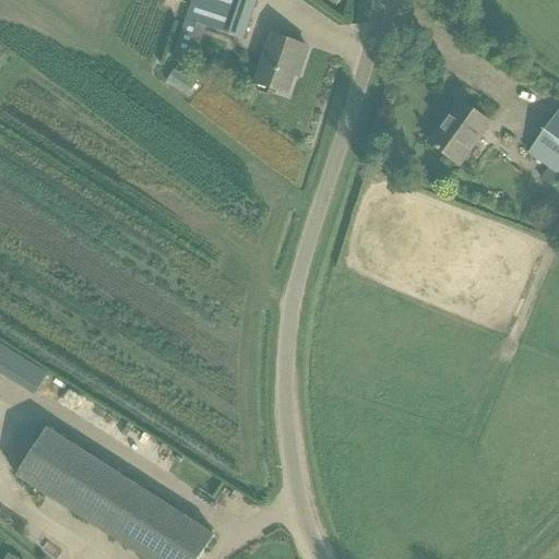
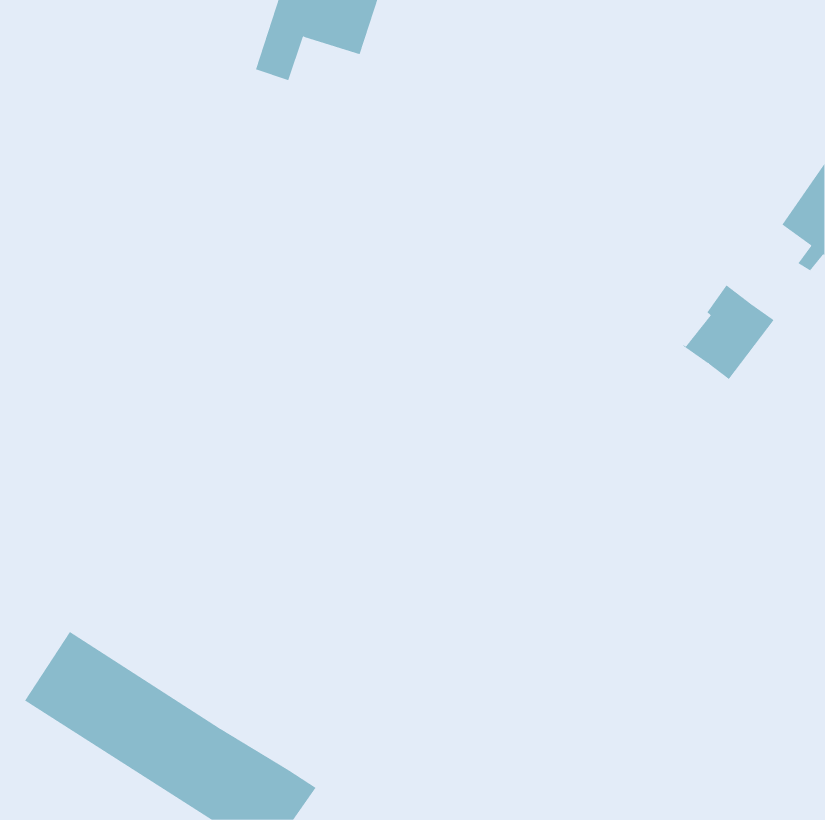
building: [255,34,308,92] -> none
building: [429,99,491,164] -> [682,285,774,380]

